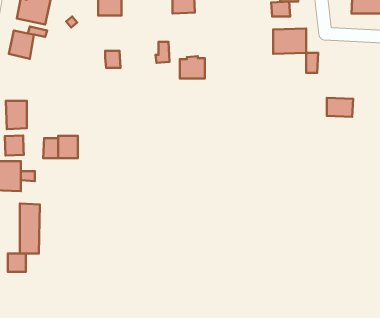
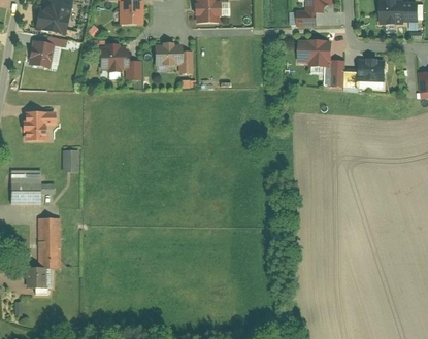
building: none -> [99,45,126,69]
building: [180,56,205,78] -> [155,42,180,65]
building: [327,98,353,117] -> [357,59,384,78]
building: [5,136,24,156] -> none
building: [58,136,78,158] -> none

